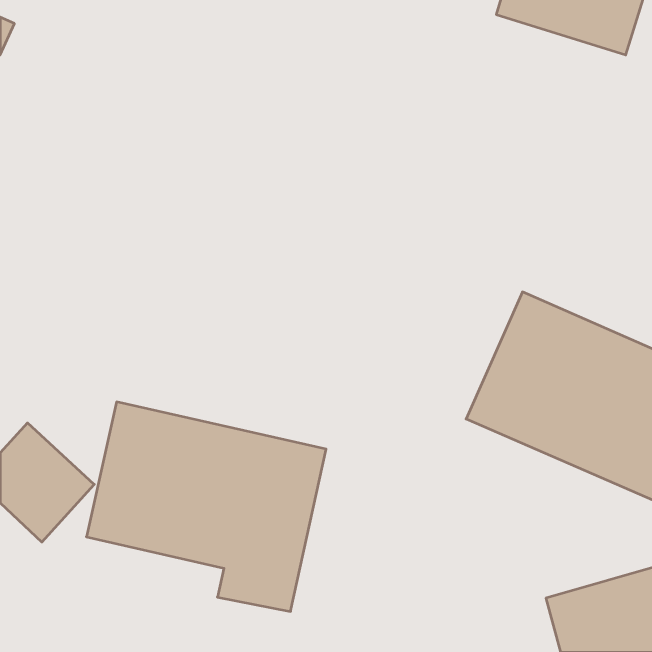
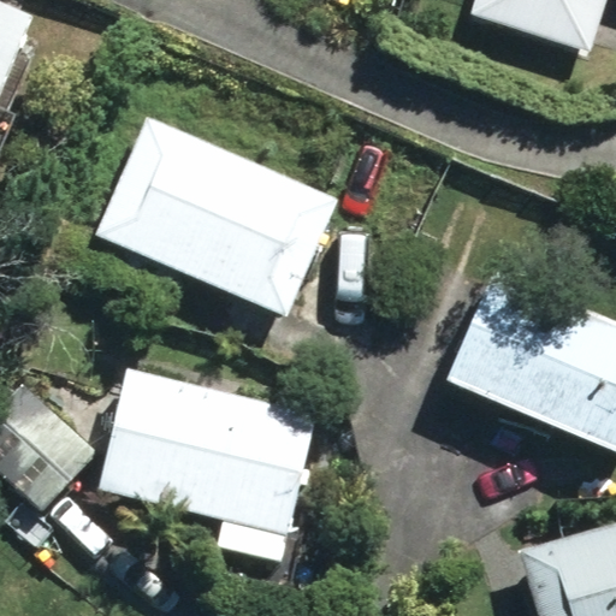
building: none -> [95,117,337,318]

